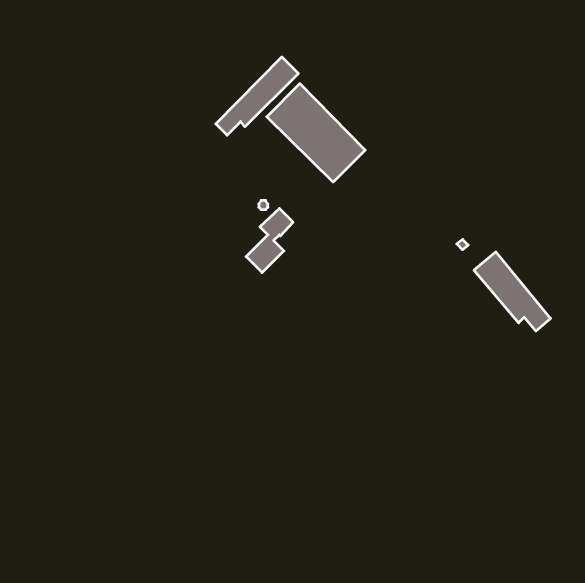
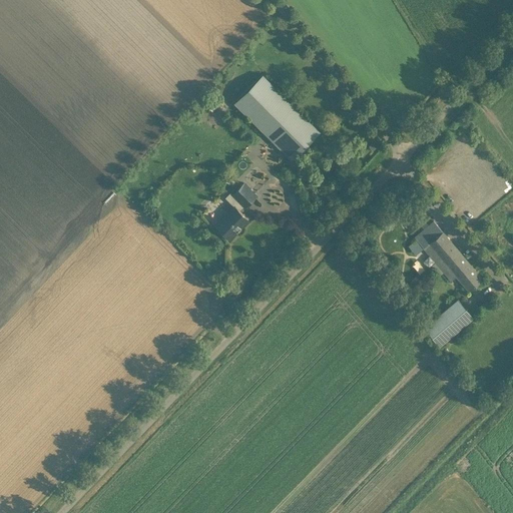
building: [216,57,298,135] -> none
building: none -> [423,301,473,348]

